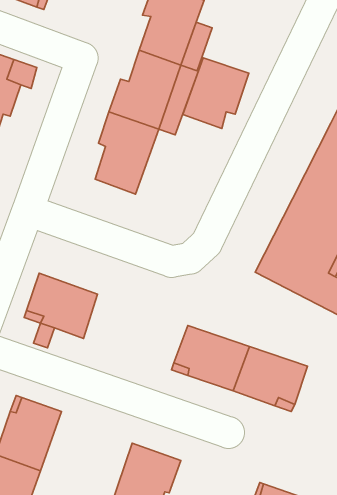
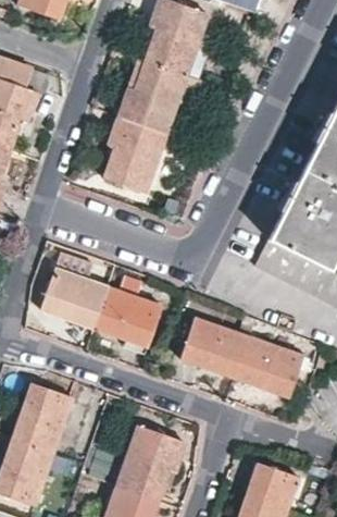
building: [183,58,249,129] -> none
building: none -> [95,278,162,354]

